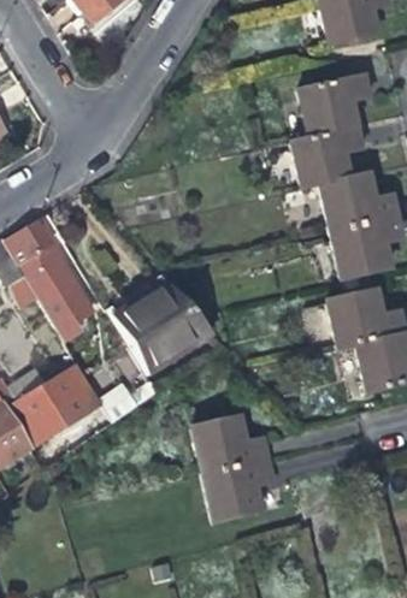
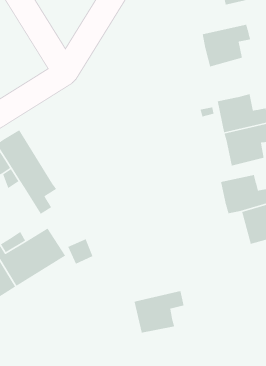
building: [290,119,362,184] -> none
building: [104,273,212,375] -> none
building: [189,412,269,469] -> none

